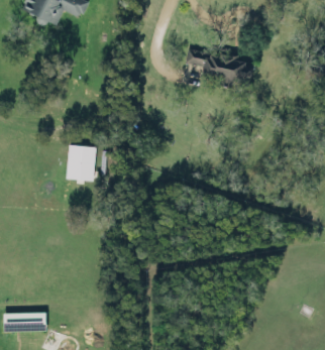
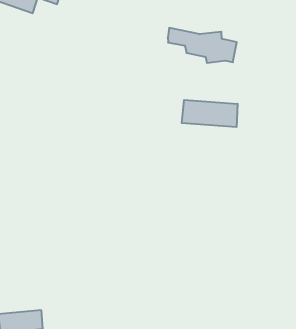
building: none -> [182,100,238,127]
building: [65,145,96,183] -> none

